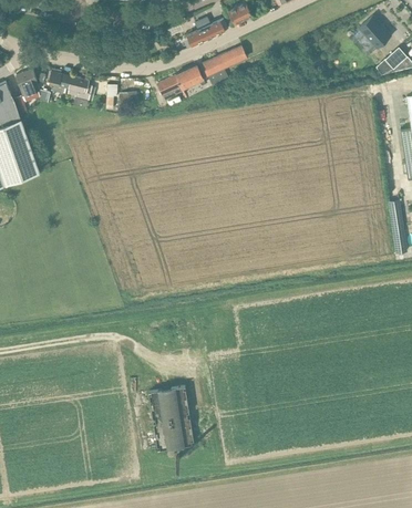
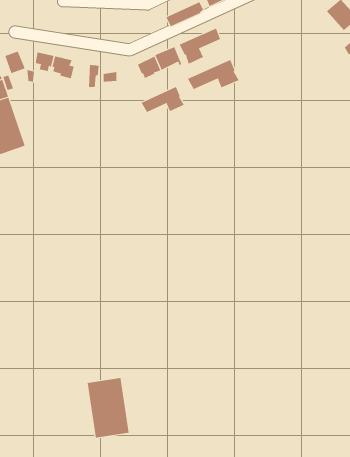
building: none -> [187,59,239,90]
building: none -> [141,86,185,113]
building: [148,386,194,450] -> [87,378,130,438]

